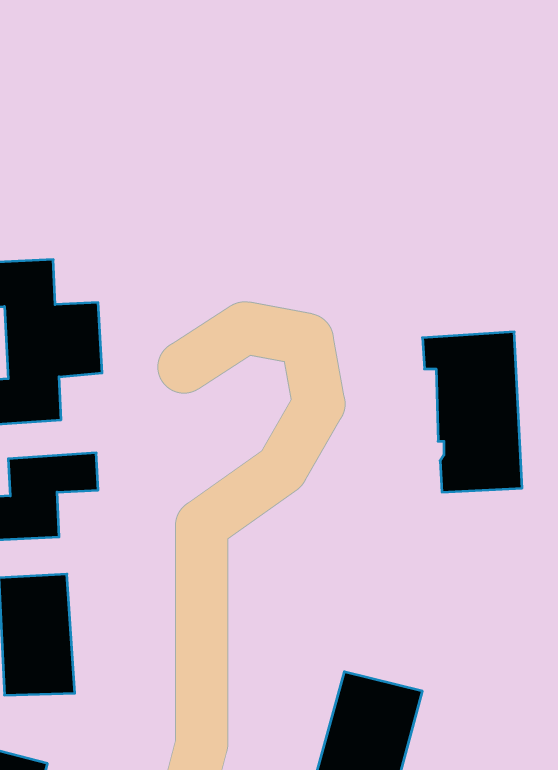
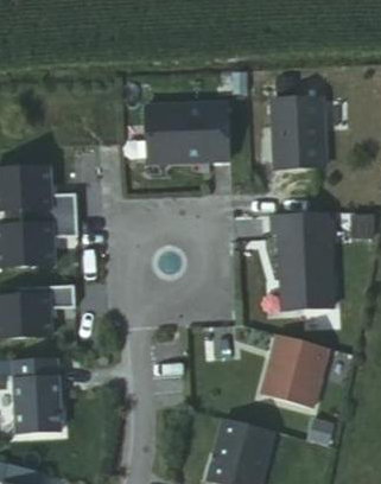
building: none -> [271,100,323,168]
building: none -> [145,104,228,164]
building: none -> [262,333,328,406]

